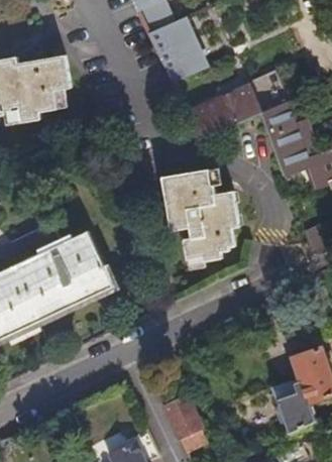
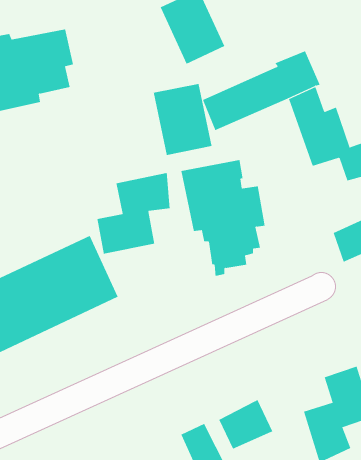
building: none -> [153,83,212,156]
building: none -> [97,172,170,255]
building: none -> [218,399,273,450]

